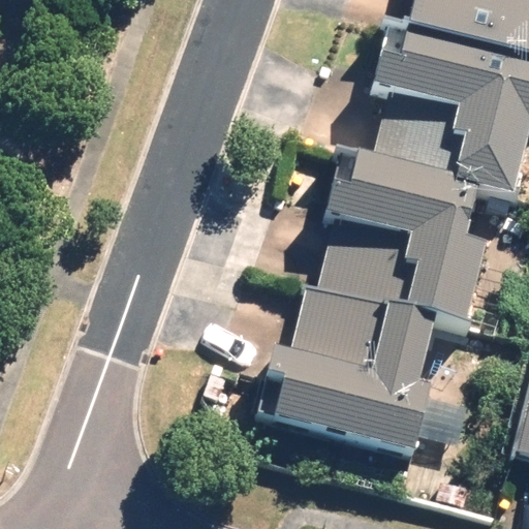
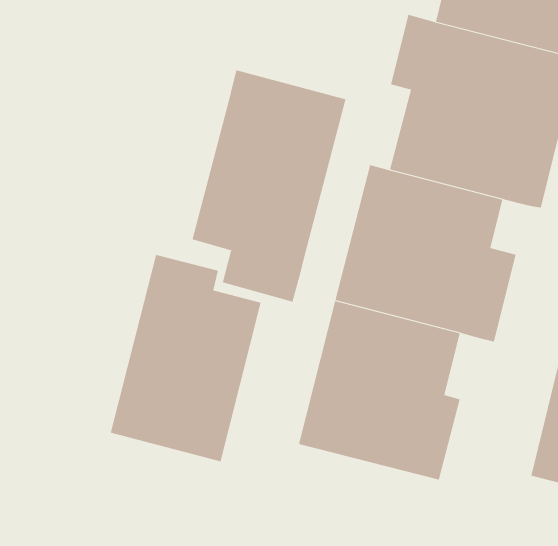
building: none -> [192,69,346,303]
building: none -> [110,254,261,462]

